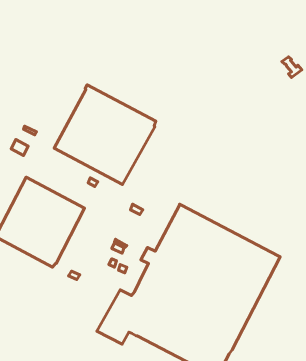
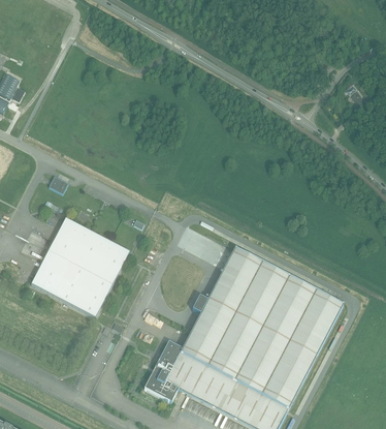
building: [54,85,156,185] -> none

